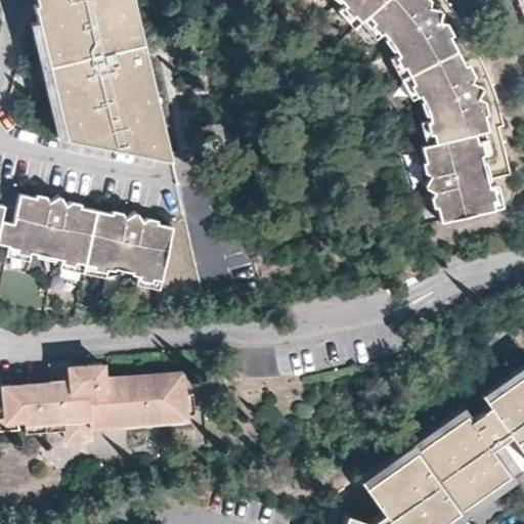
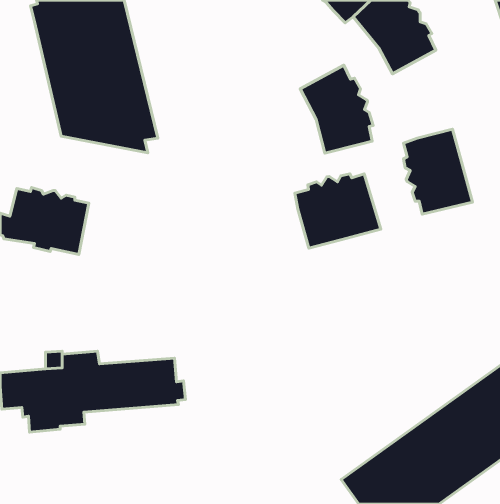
building: [411,52,487,143] -> [300,65,373,153]
building: none -> [295,174,381,248]
building: [86,211,173,280] -> none

